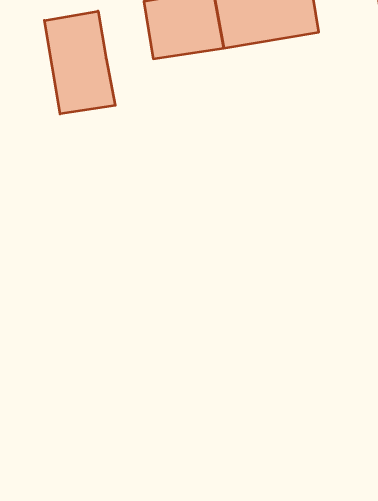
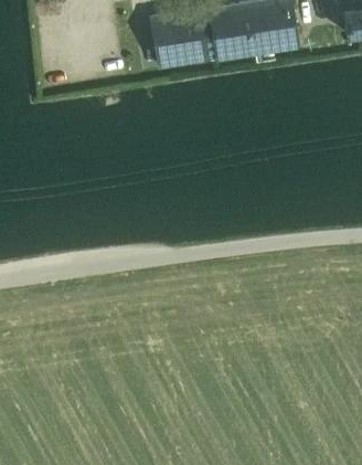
building: [44,11,115,114] -> none

